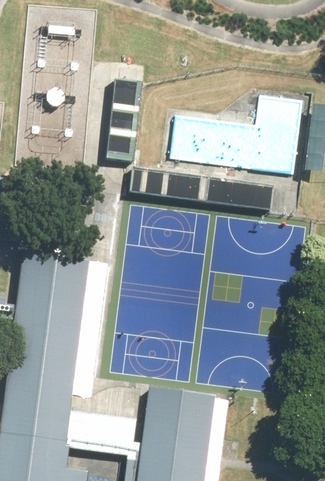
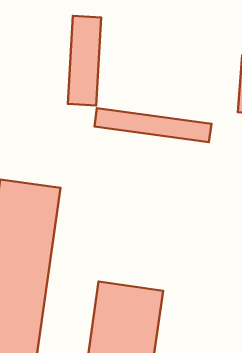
building: [170,96,306,176] -> none

